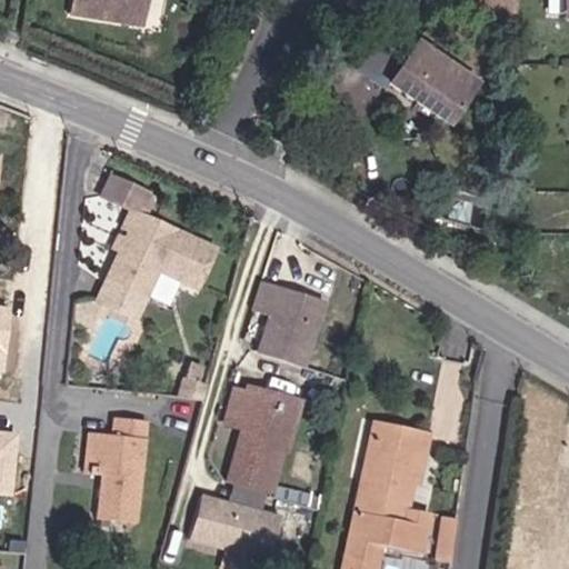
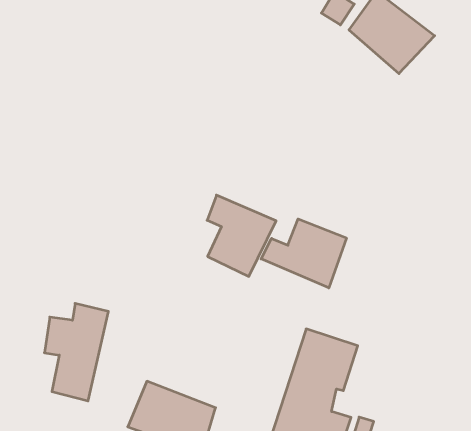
building: [97,172,220,321] -> none
building: none -> [261,219,346,288]
building: [224,381,303,495] -> none

